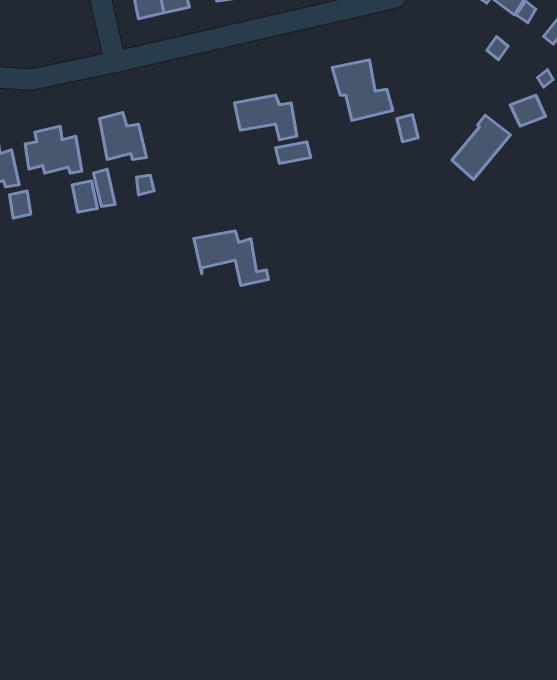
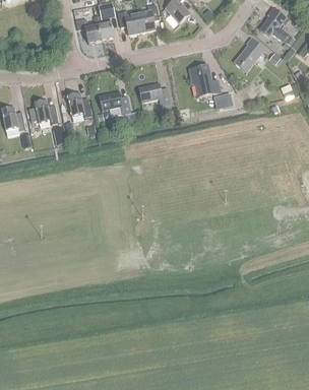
building: [452,115,511,180] -> [234,38,264,71]
building: [194,231,268,285] -> [98,90,136,119]

